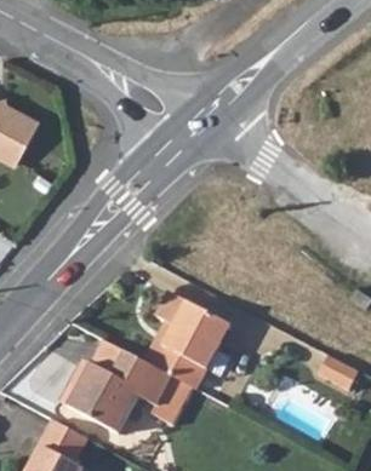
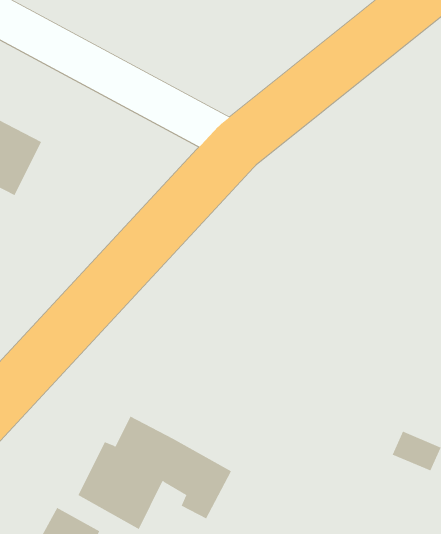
building: [145,294,230,390] -> none

